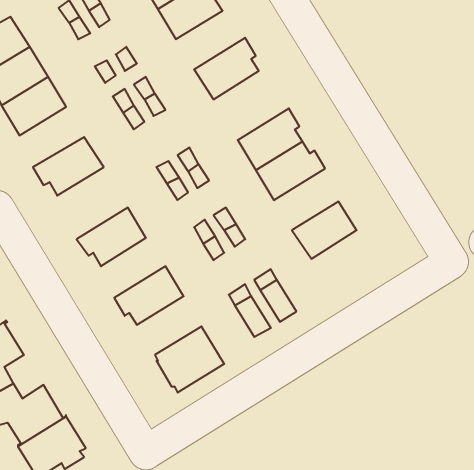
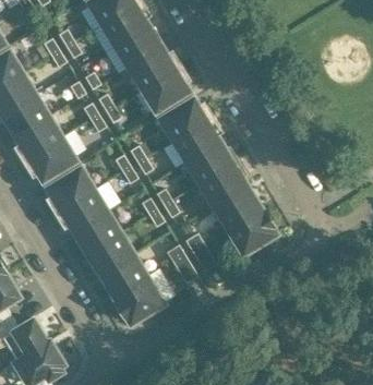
building: none -> [130,48,180,91]
building: none -> [161,99,212,142]
building: none -> [16,118,63,161]
building: none -> [201,163,248,207]
building: none -> [48,169,95,214]
building: none -> [228,207,278,255]
building: none -> [75,213,122,256]
building: none -> [101,255,148,298]

